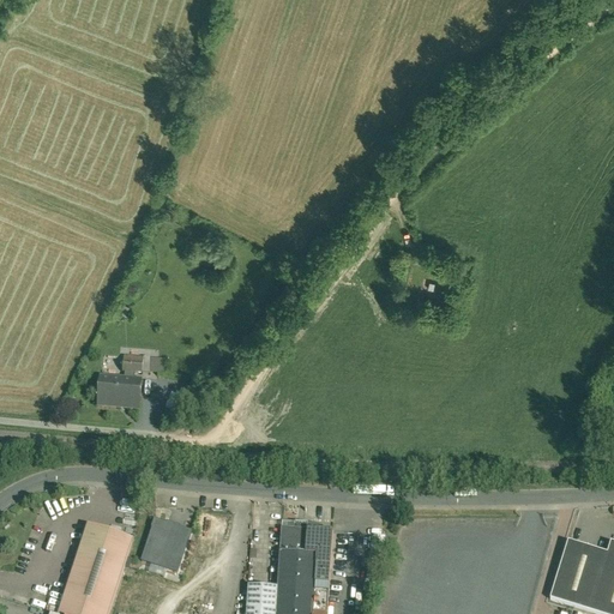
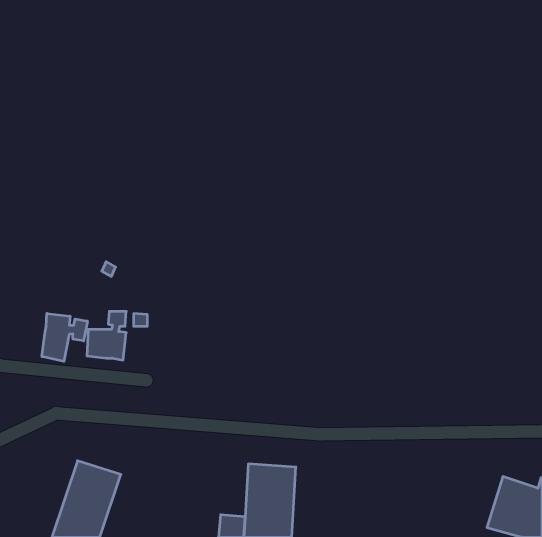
building: none -> [42,313,87,361]
building: [140,516,189,571] -> none

